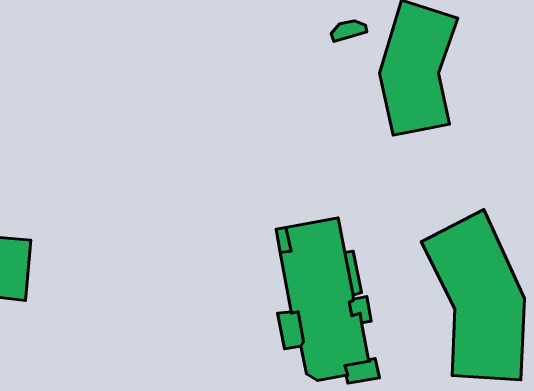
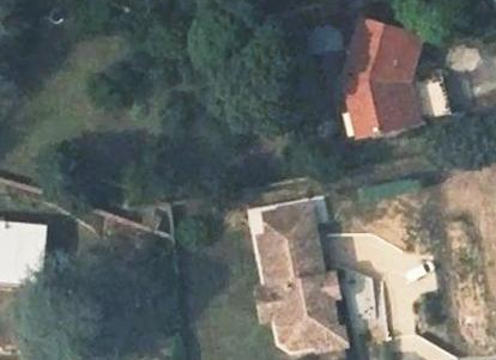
building: none -> [395,33,424,126]
building: [421,209,524,380] -> none

